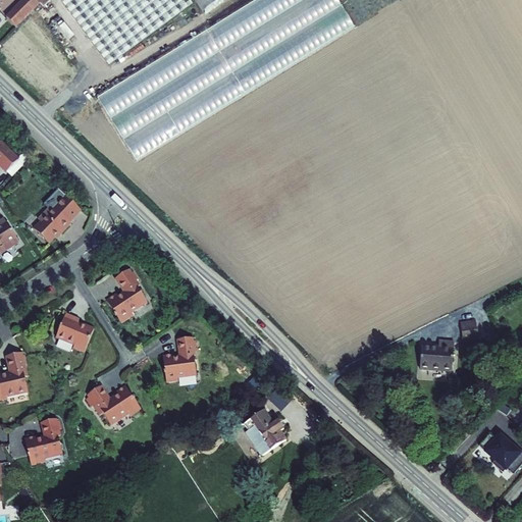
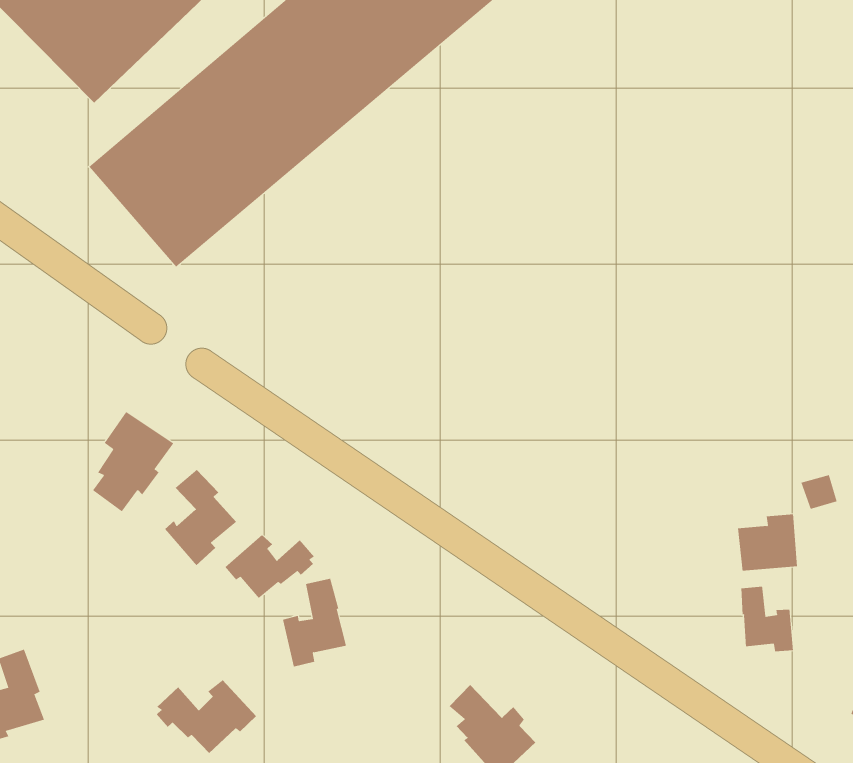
building: [37,184,85,238] -> [92,411,174,512]
building: none -> [225,534,315,599]
building: [55,310,93,349] -> none
building: none -> [741,586,793,652]

